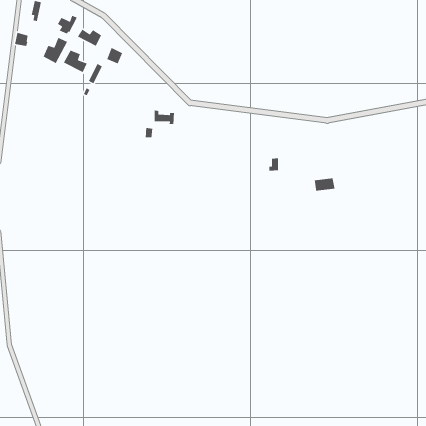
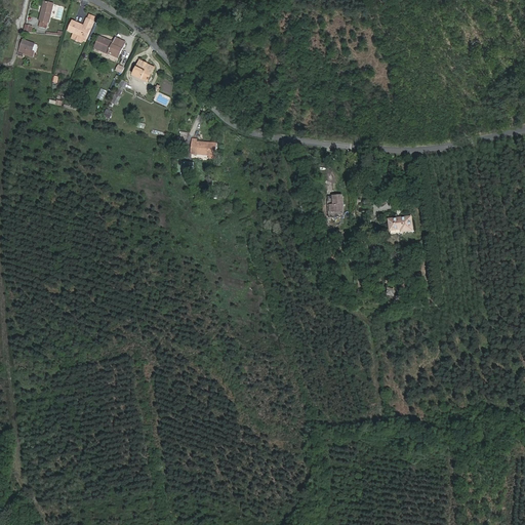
building: [43,37,68,64] -> none
building: [63,50,88,73] -> none

